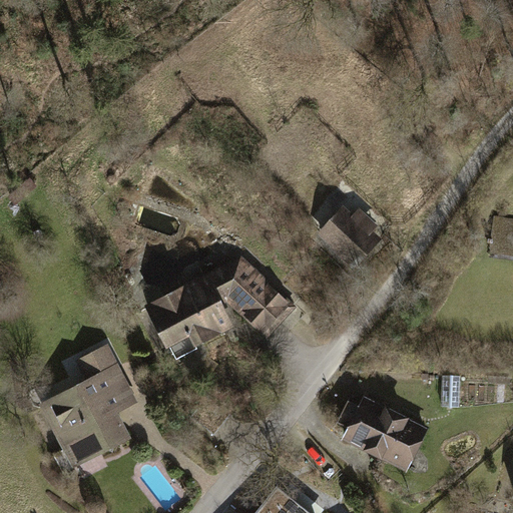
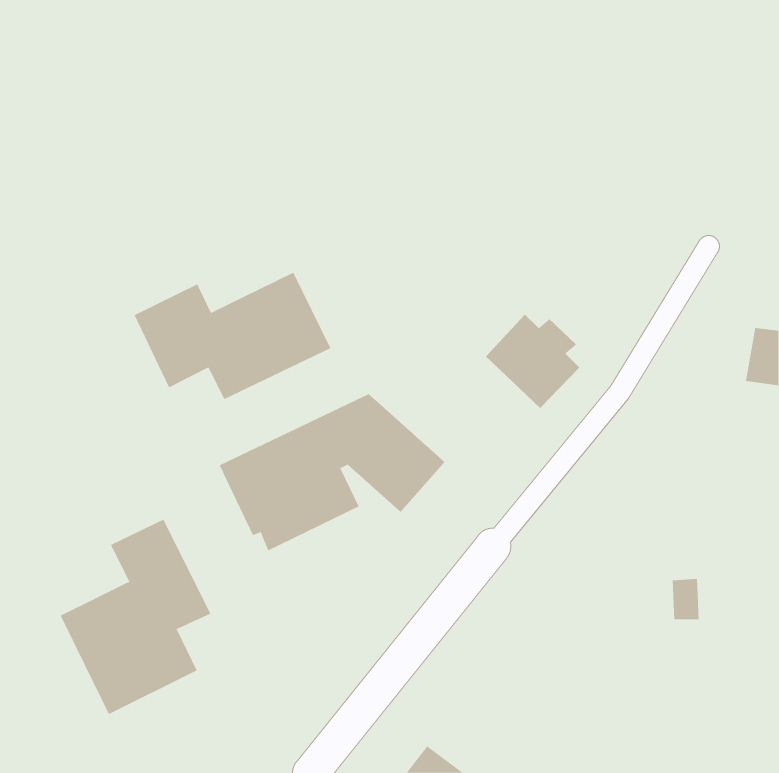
building: none -> [134,272,331,400]
building: [338,396,426,470] -> none

